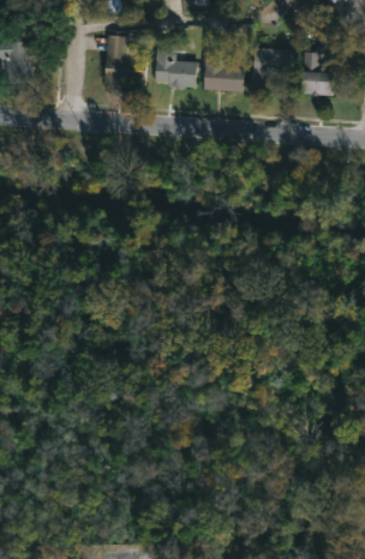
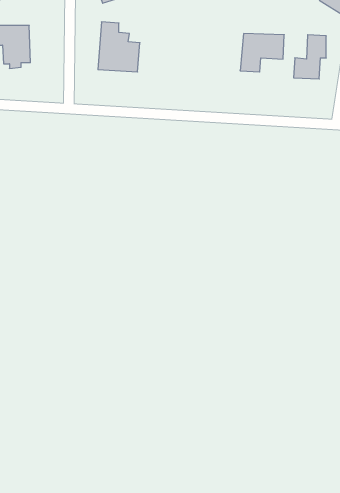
building: [154,41,197,85] -> none
building: [203,41,244,91] -> none

